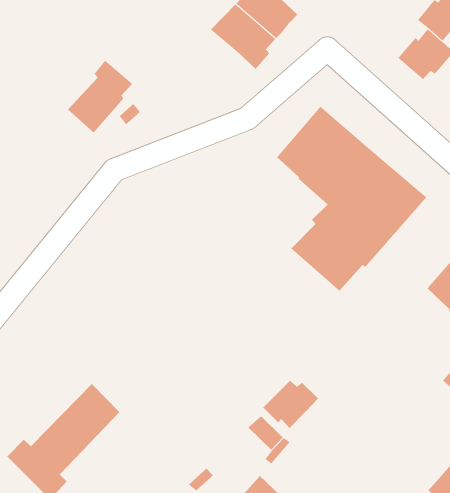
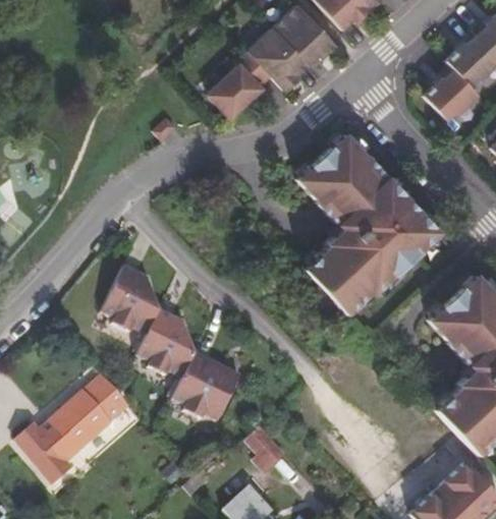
building: [67,60,133,133] -> [207,51,272,120]
building: none -> [103,265,253,416]
building: [262,380,319,429] -> none

